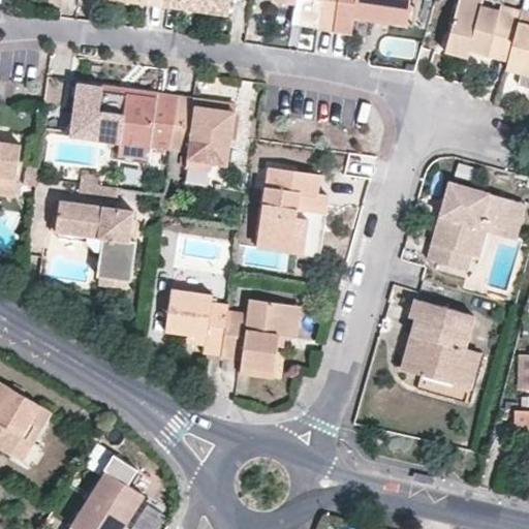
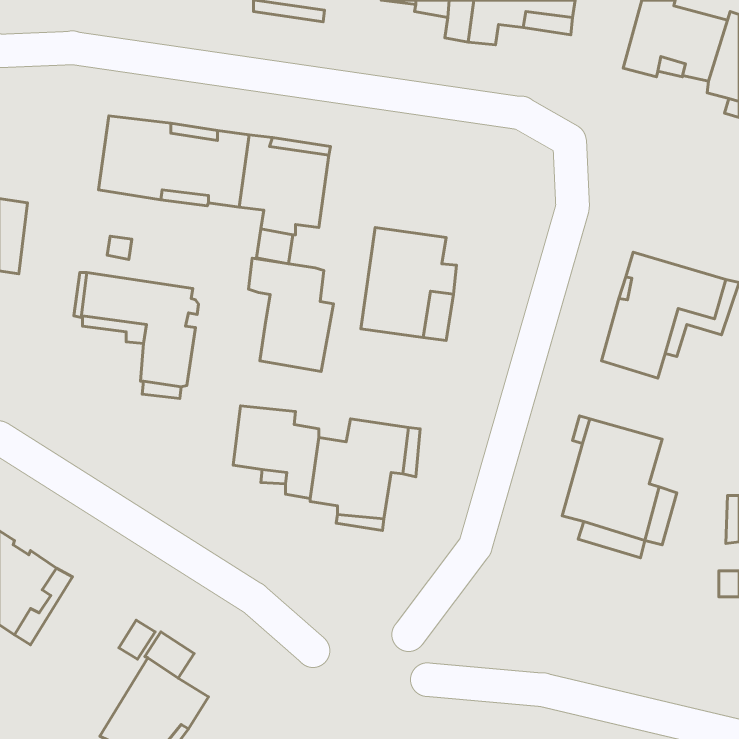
building: none -> [248,258,333,371]

